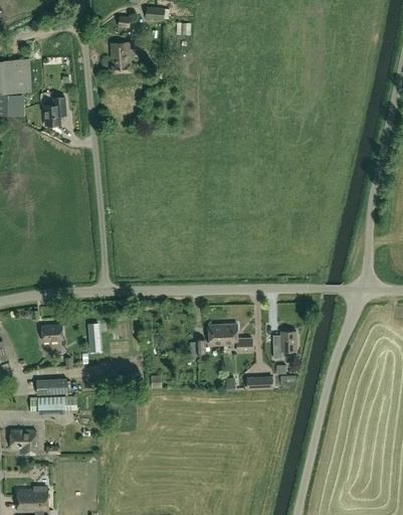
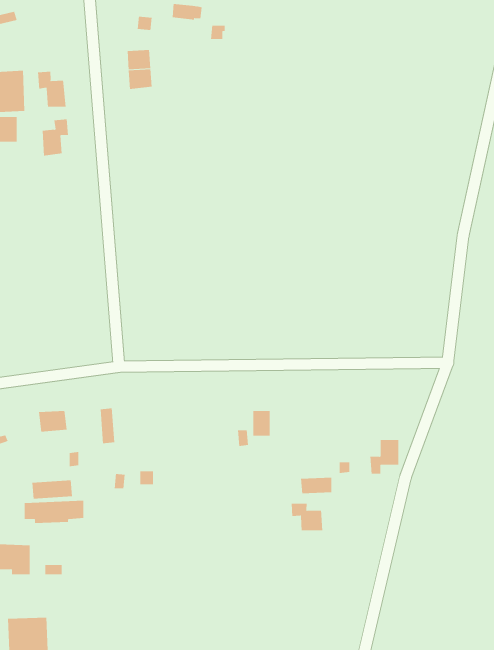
building: none -> [37,71,66,107]
building: [222,325,251,352] -> none
building: [272,331,295,358] -> [370,440,399,474]
building: none -> [291,503,323,531]

